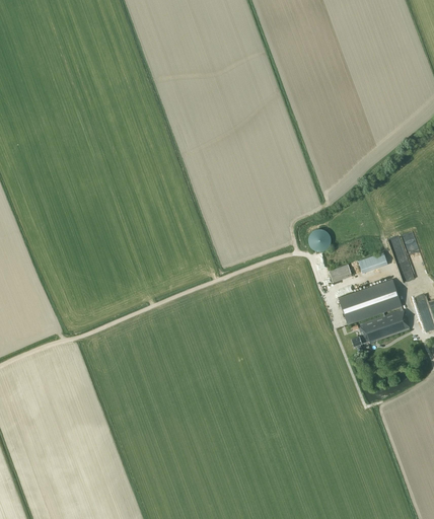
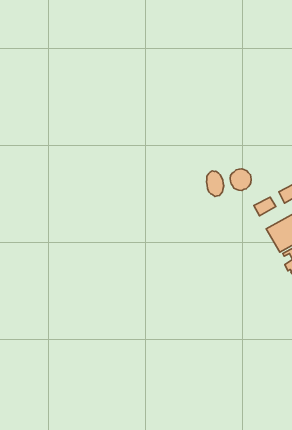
building: none -> [206,171,224,196]

